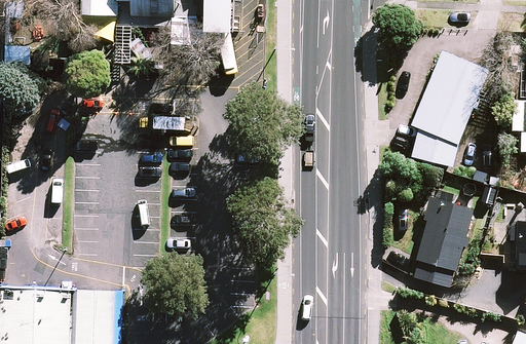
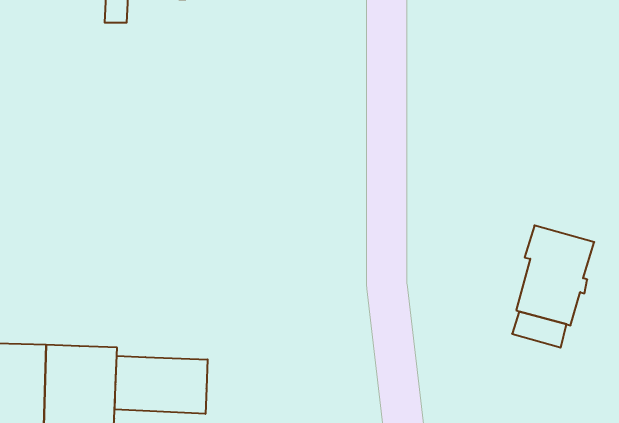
building: [409,48,487,164] -> none
building: none -> [115,356,208,414]

